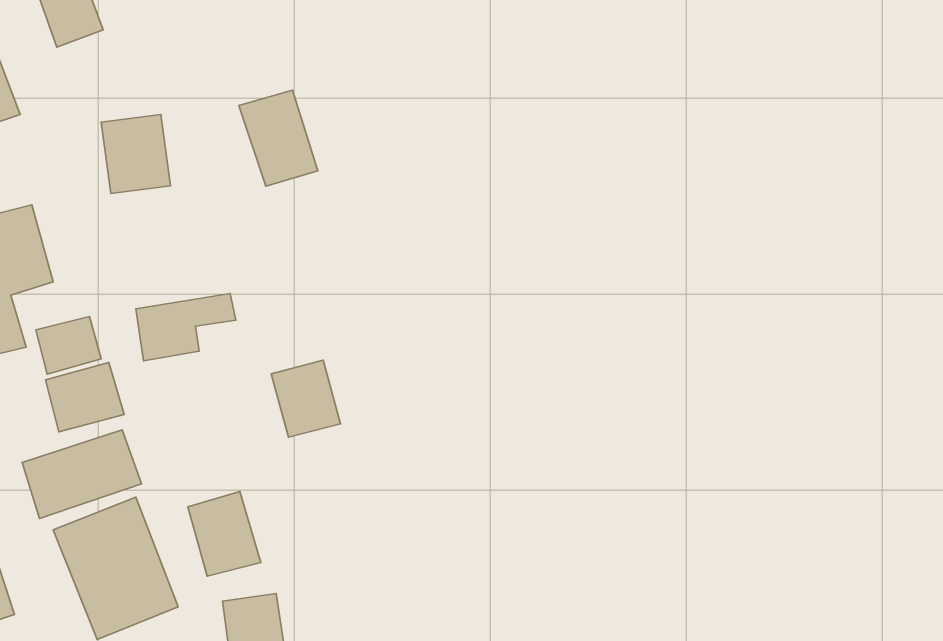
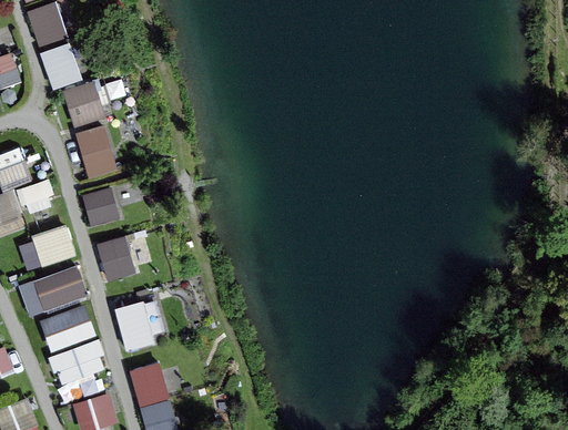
building: none -> [41,44,82,92]
building: [239,90,318,186] -> [74,127,120,183]
building: [271,360,340,437] -> [97,237,136,281]

